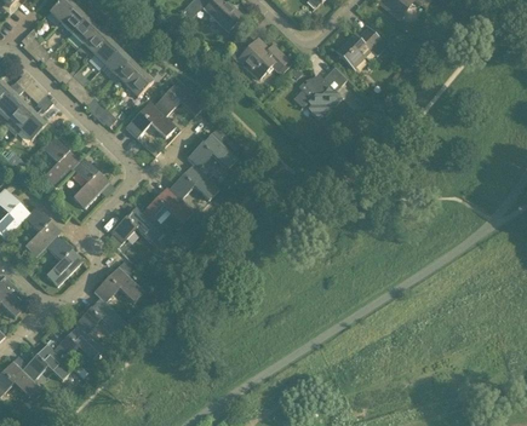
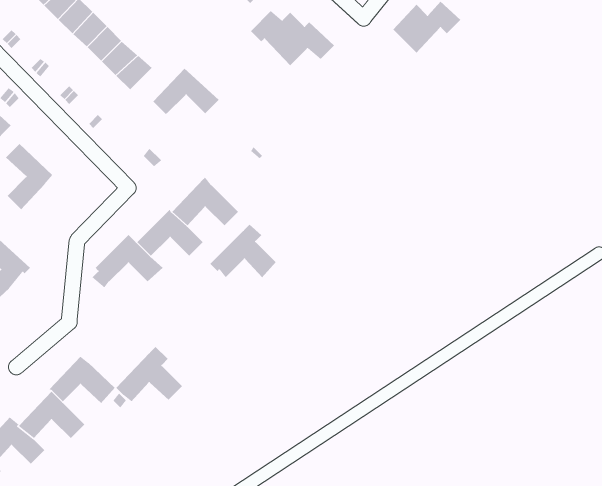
building: [292,67,346,119] -> none
building: [124,100,174,137] -> none
building: [185,127,236,168] -> [209,224,277,278]
building: [71,156,114,208] -> none
building: [45,235,81,286] -> none
building: [92,260,143,303] -> [116,346,183,402]

